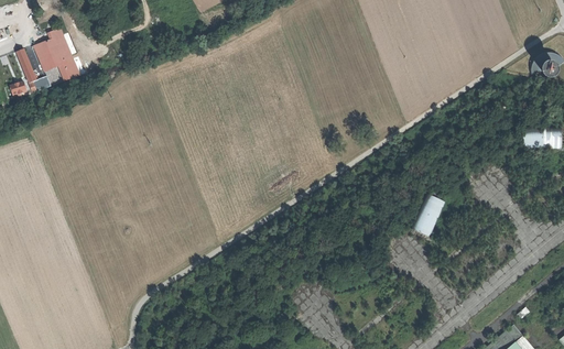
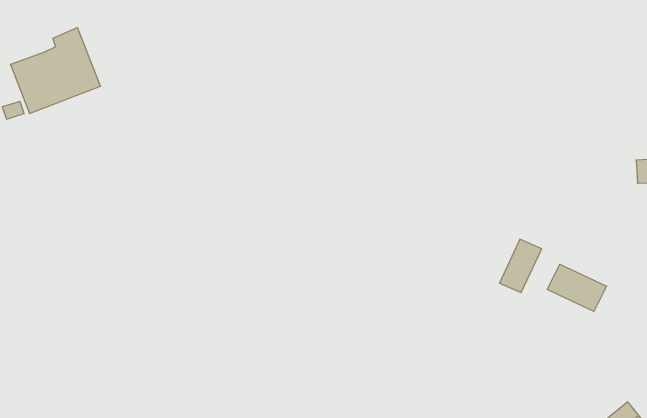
building: none -> [547,264,607,311]

